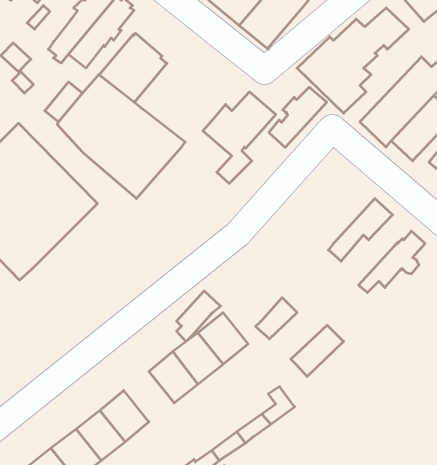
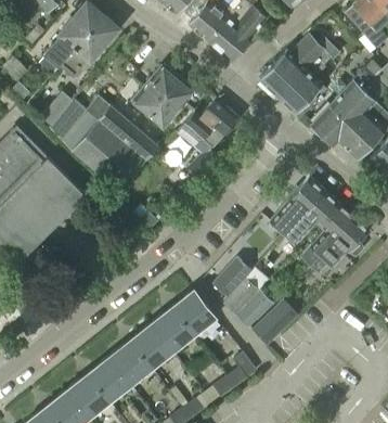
building: [99,33,167,102] -> [134,65,193,125]
building: [269,87,327,147] -> [275,178,325,230]
building: none -> [301,205,357,266]
building: [177,291,221,341] -> [214,258,251,302]
building: none -> [234,290,273,326]
building: none -> [108,341,152,384]

